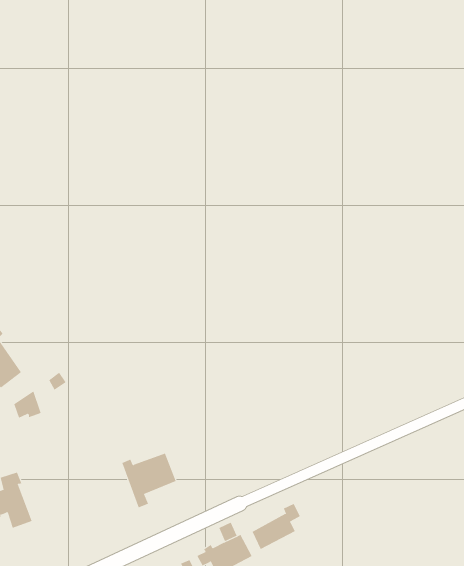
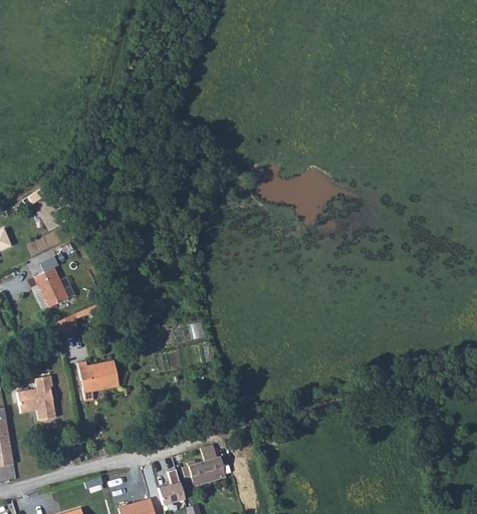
building: [122,453,177,508] -> [77,361,118,402]
building: [252,503,301,550] -> none

